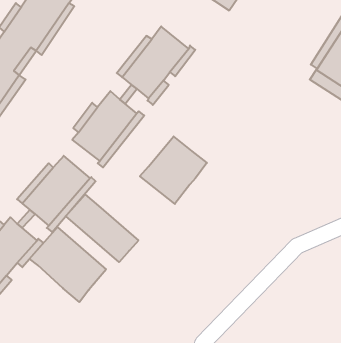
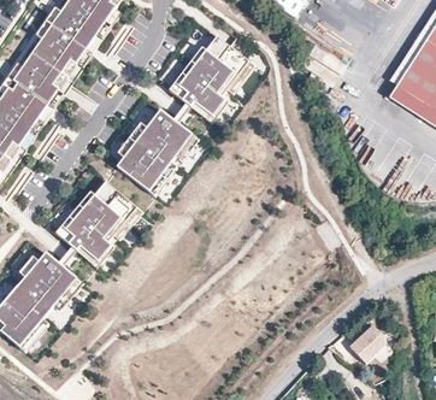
building: [140,136,207,204] -> none
building: [66,194,138,262] -> none
building: [30,227,106,302] -> none
building: none -> [349,323,385,363]

